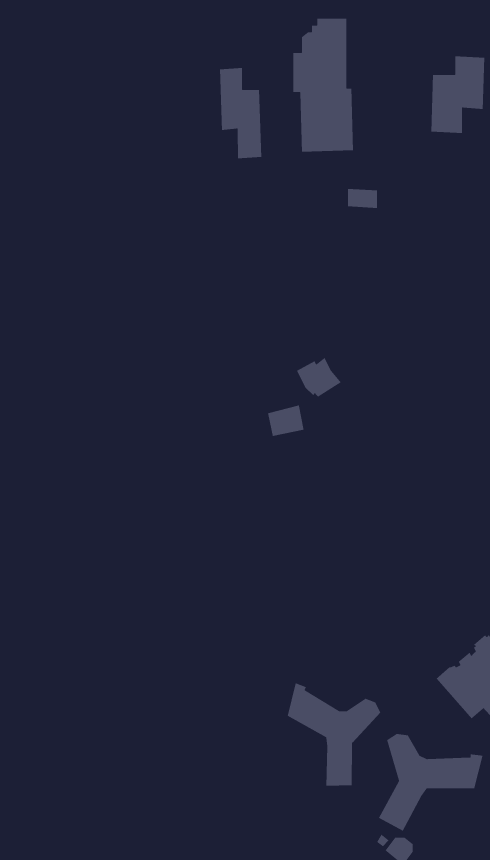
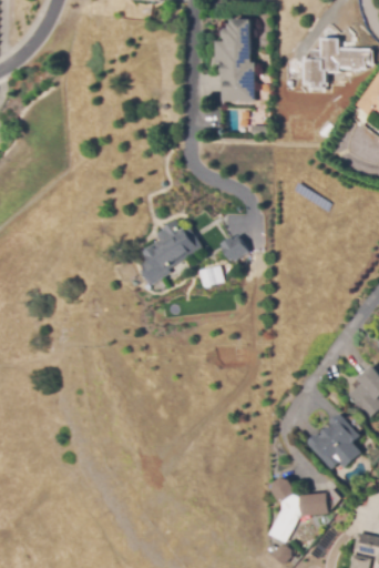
building: [219,67,262,159] -> none
building: none -> [136,220,199,284]
building: [287,682,381,786] -> none

